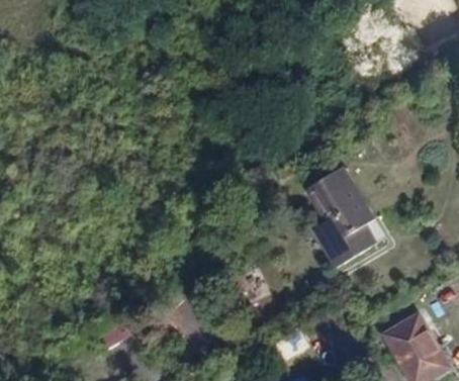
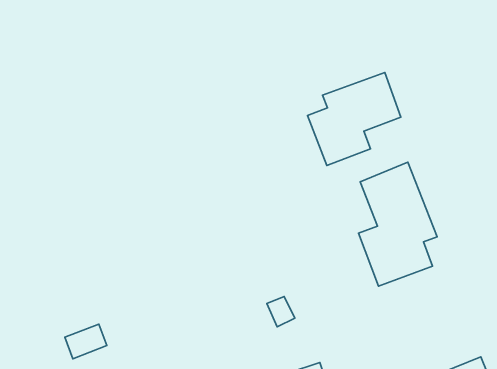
building: none -> [307,72,401,165]

